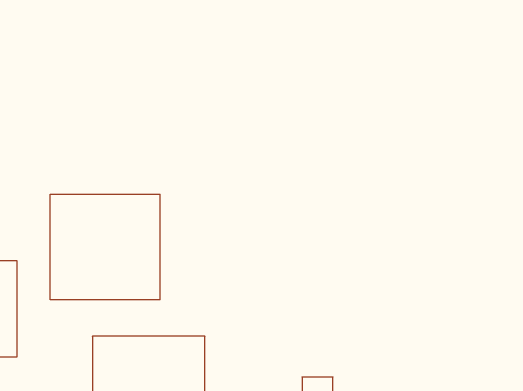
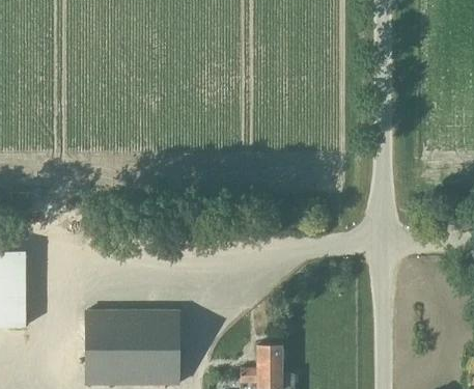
building: [50,194,160,300] -> none

